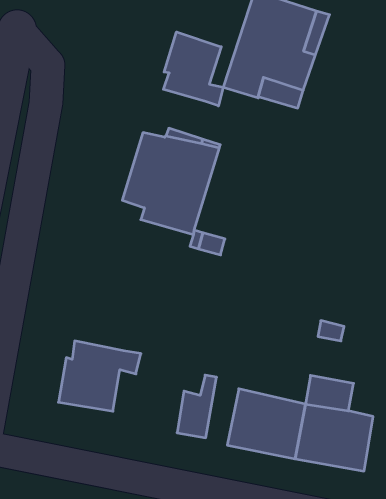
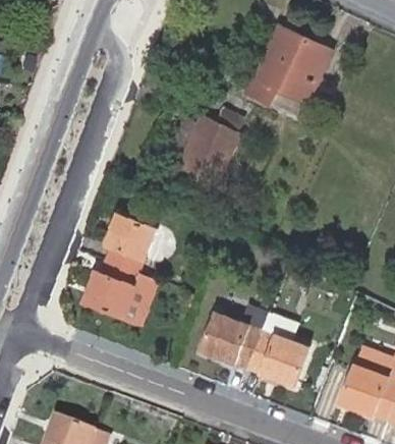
building: [163,32,223,106] -> none
building: none -> [108,213,159,272]
building: [177,375,217,438] -> [127,276,163,322]

